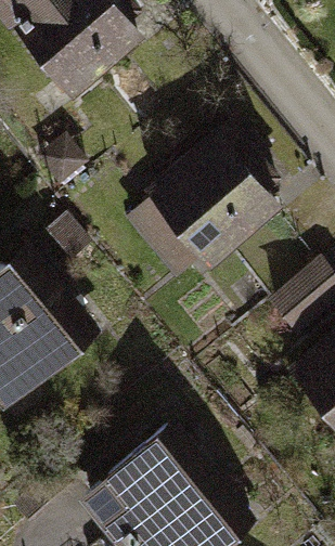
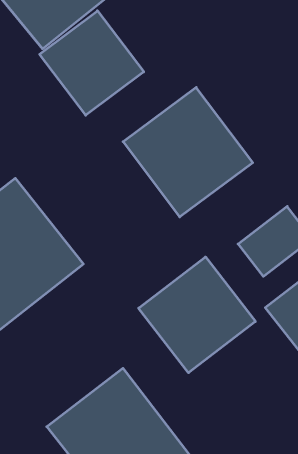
building: none -> [40,11,144,115]
building: none -> [139,257,255,373]

